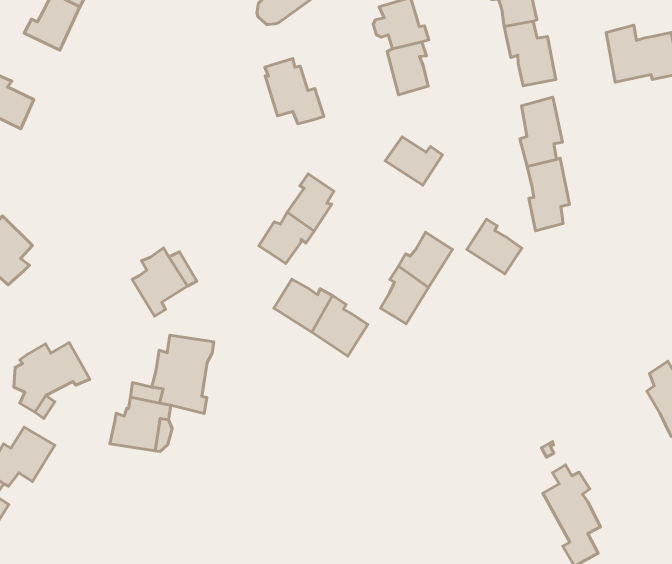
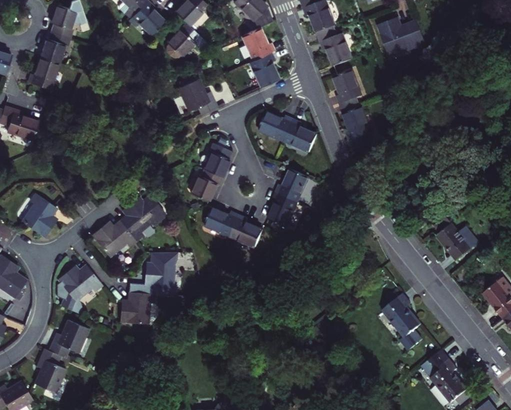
building: [467,219,522,274] -> [283,117,316,148]
building: none -> [92,221,134,254]

